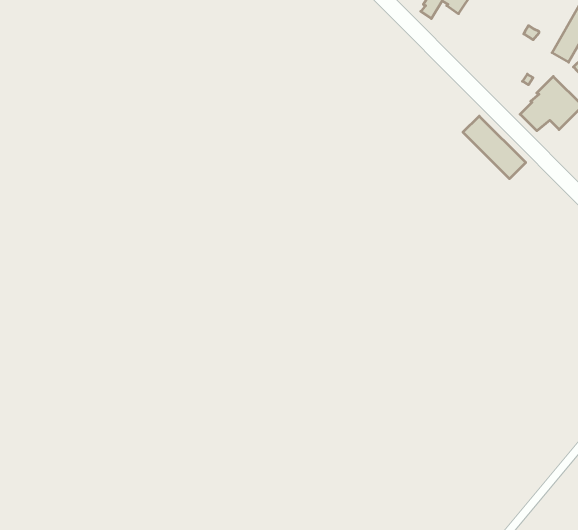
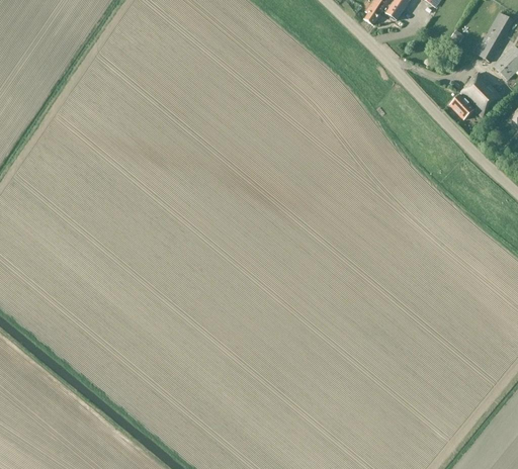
building: [463,116,526,179] -> none

